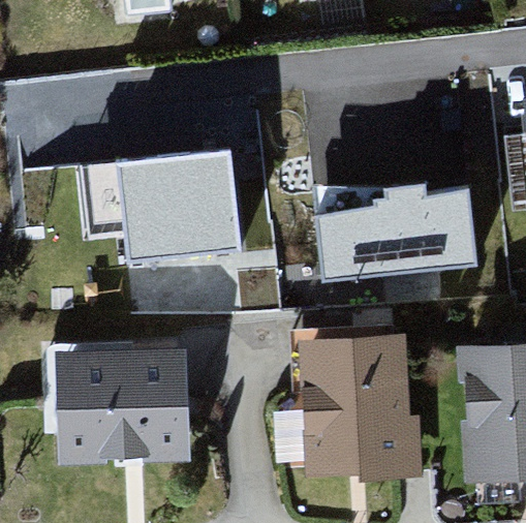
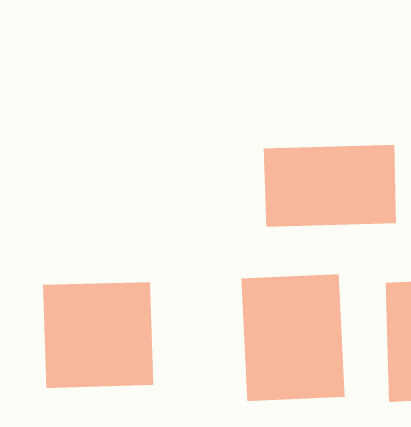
building: [84,153,242,289] -> none

